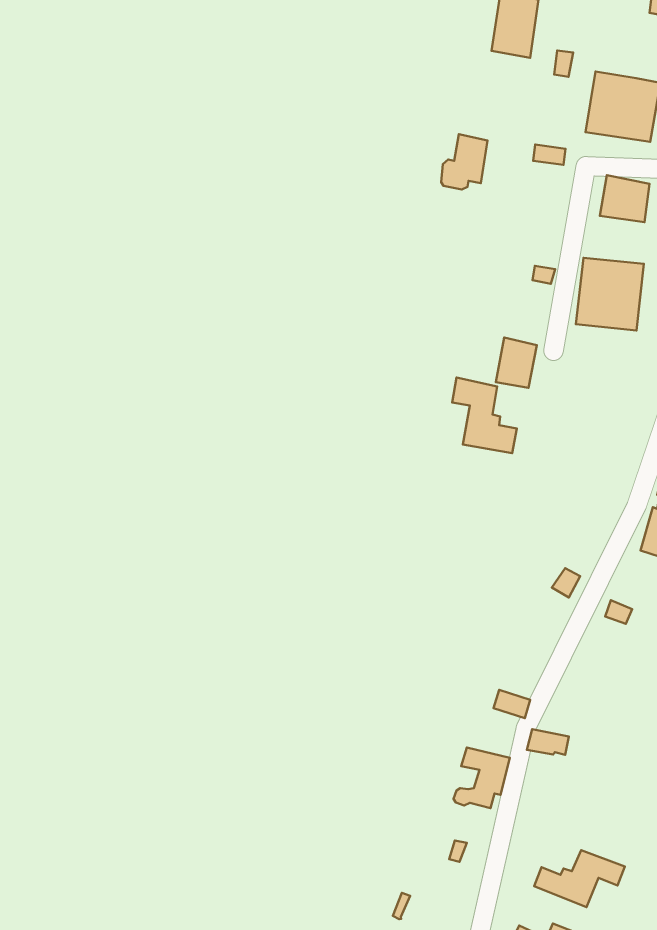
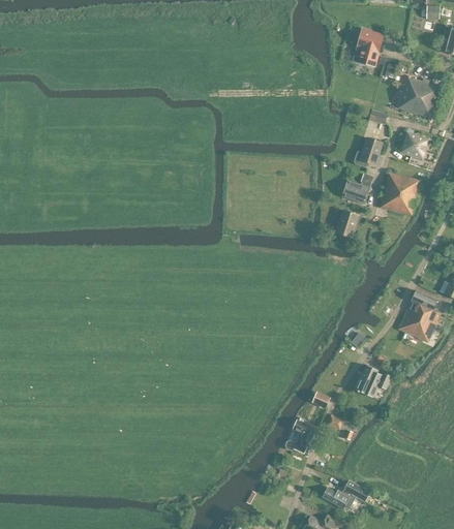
building: [441,134,487,190] -> [354,137,381,166]
building: none -> [341,180,369,203]
building: [452,378,517,453] -> none
building: none -> [355,364,391,394]

